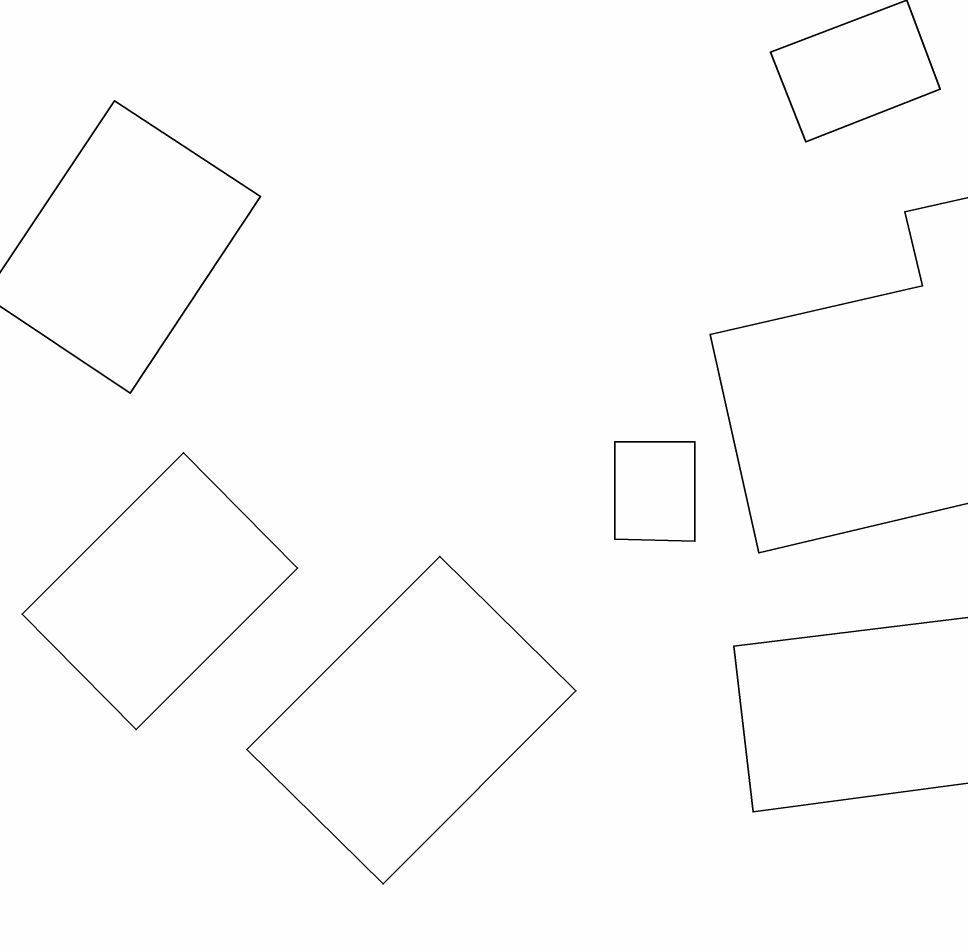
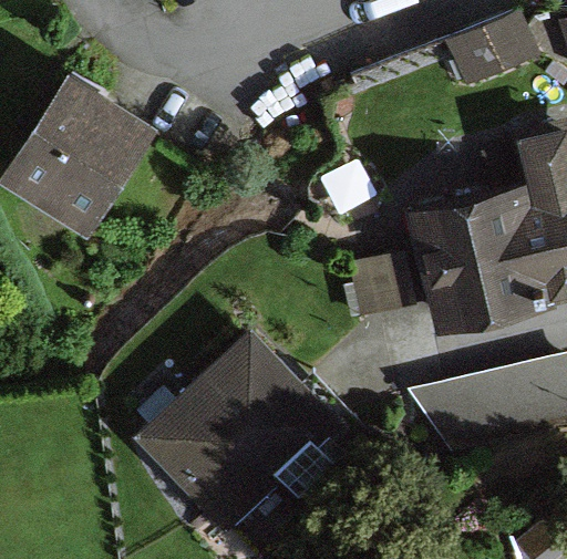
building: [22,453,297,730] -> none

